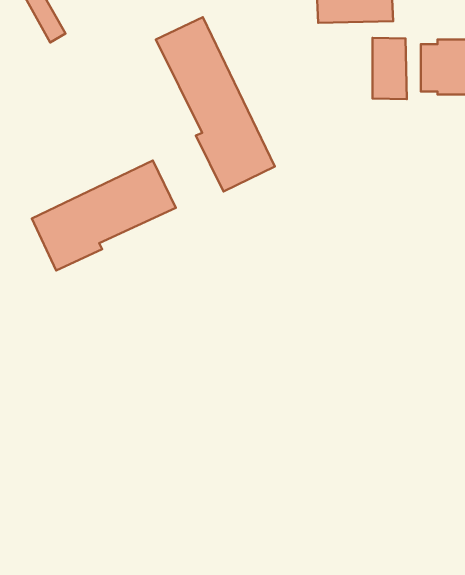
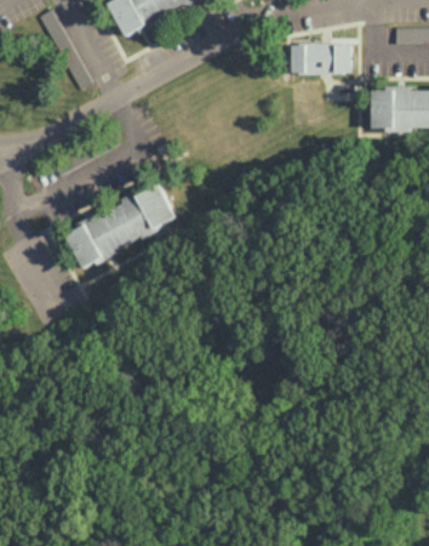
building: [156,17,275,192] -> none
building: [372,38,407,99] -> none

